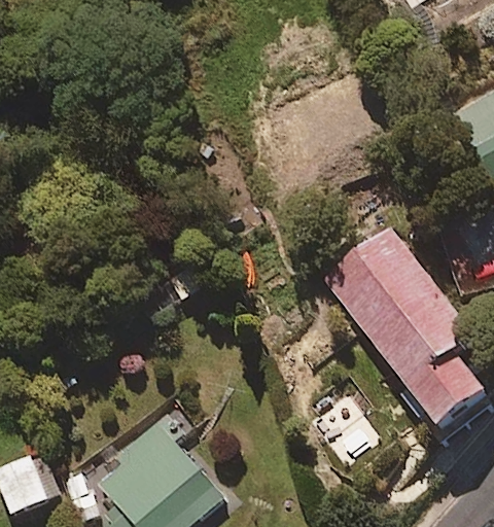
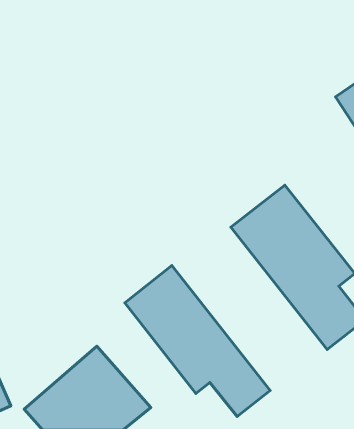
building: none -> [125,266,270,417]

